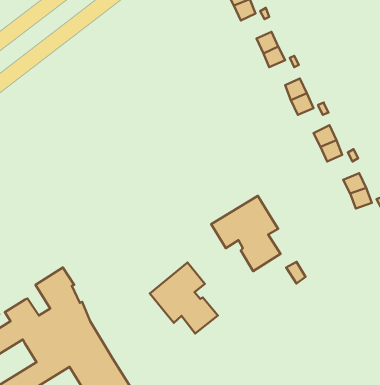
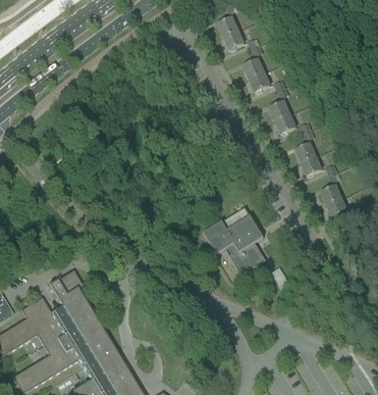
building: [150,263,218,334] -> none

